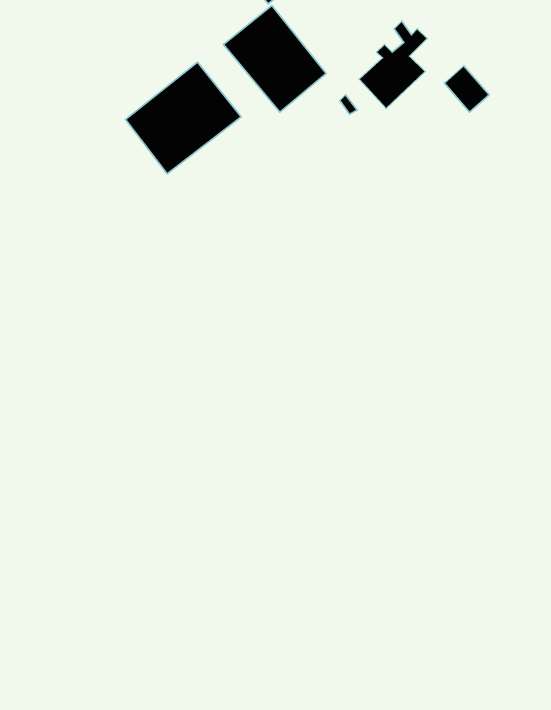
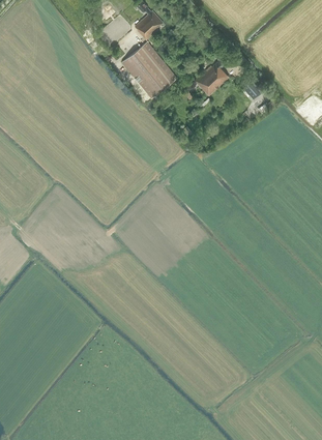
building: [126,62,241,174] -> none

